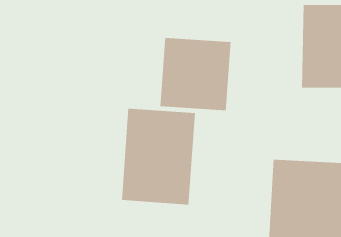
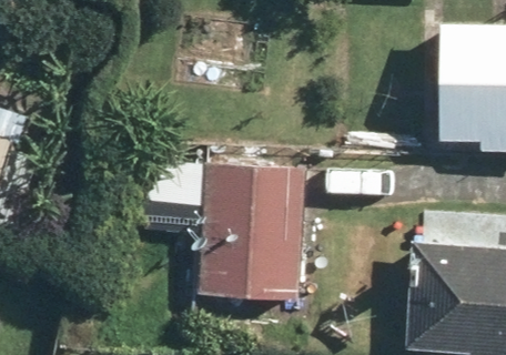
building: [160,37,231,111] -> none

